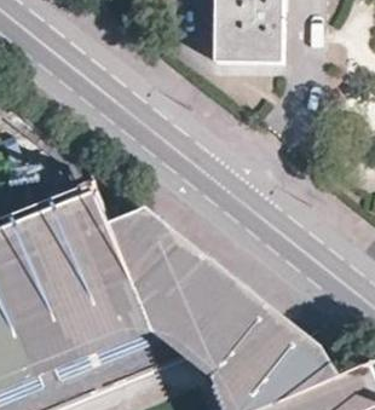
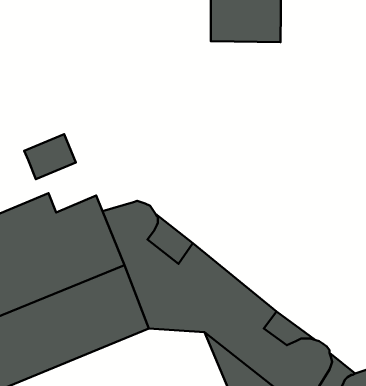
building: [54,181,103,224] -> [24,134,76,179]

